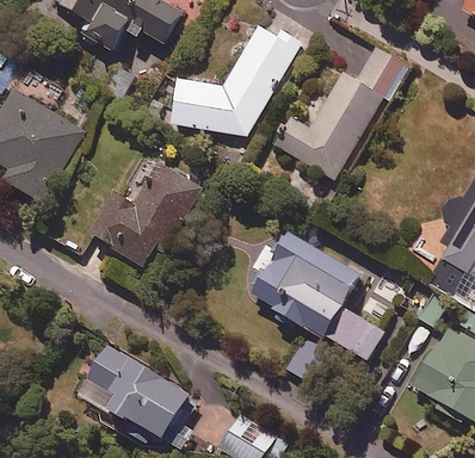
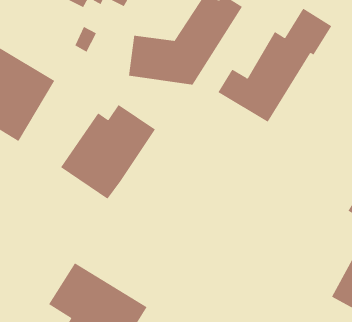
building: [249,231,383,383] -> none

